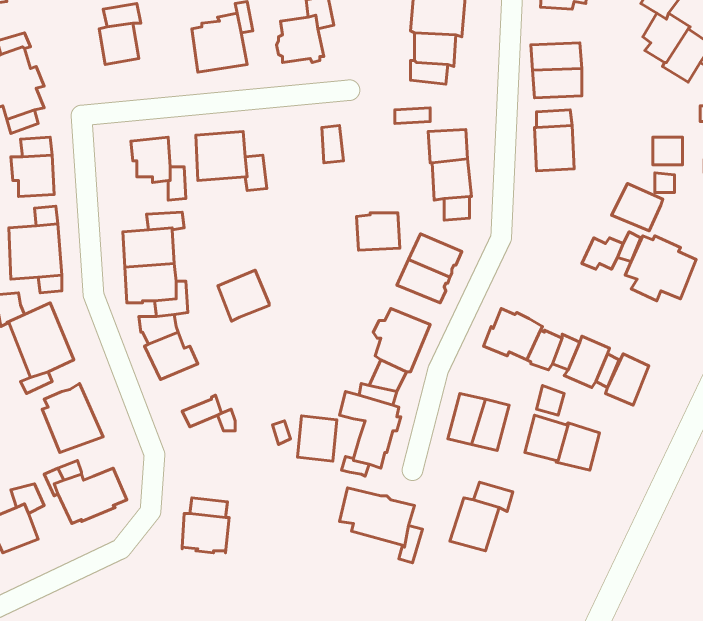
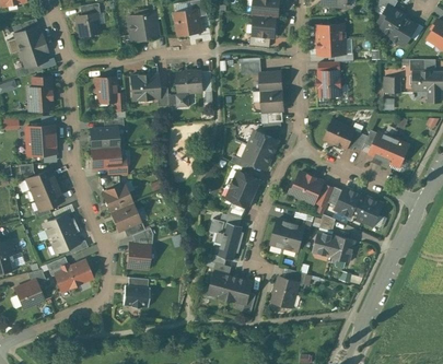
building: [612,184,663,231] -> [324,121,352,148]
building: [356,213,400,250] -> [177,72,201,93]
building: [218,270,269,321] -> [110,203,139,232]
building: [297,416,337,461] -> [127,244,149,269]

